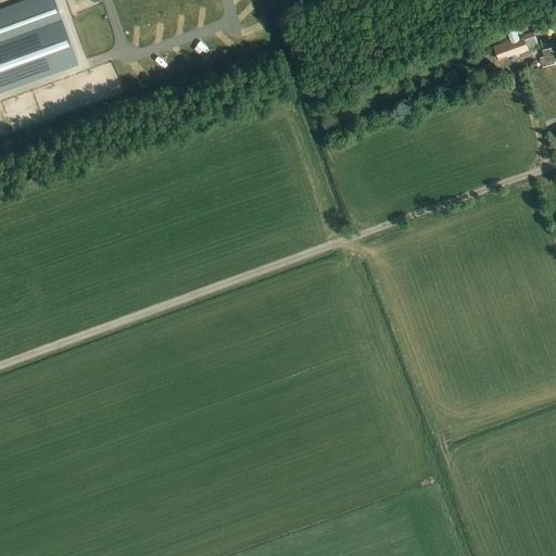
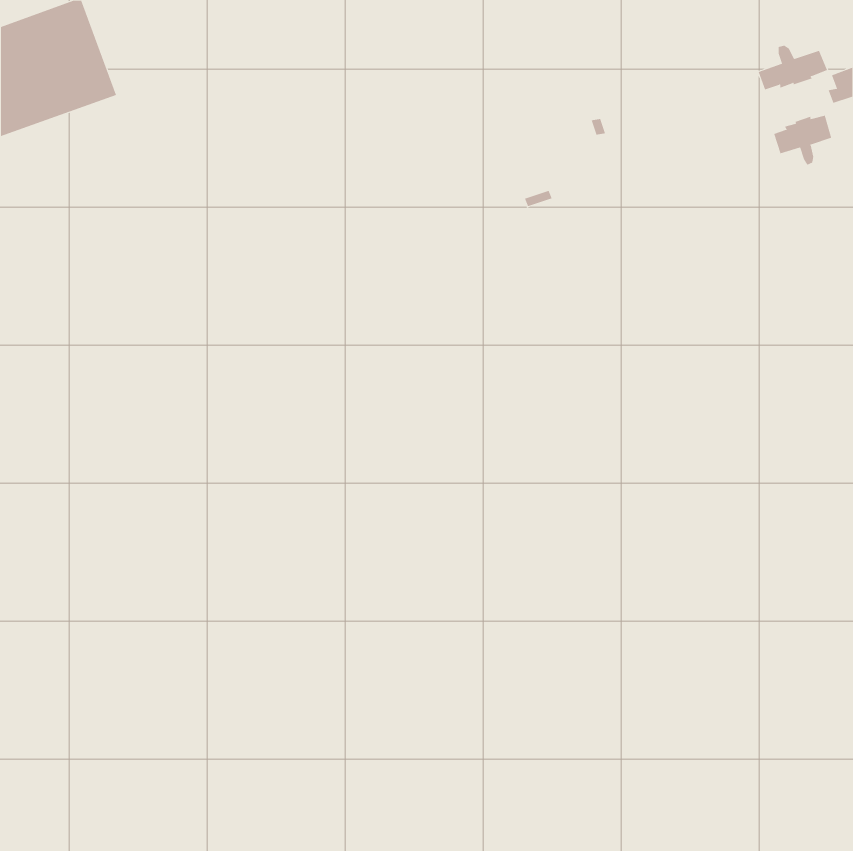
building: none -> [774,115,832,166]

